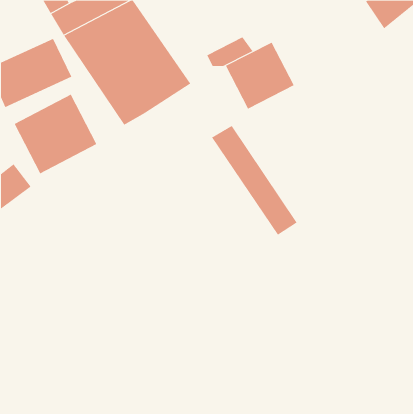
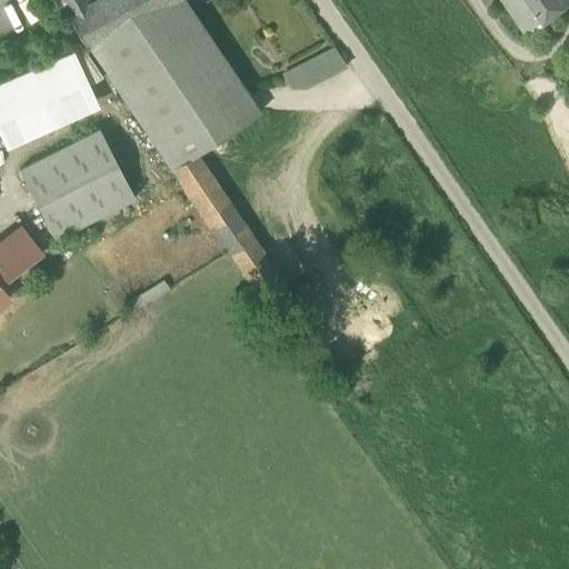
building: [225,42,294,109] -> none
building: [211,125,298,235] -> [171,156,290,307]

